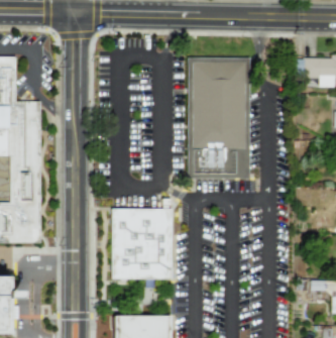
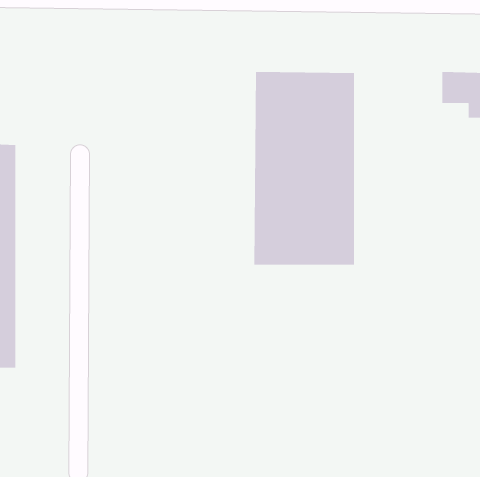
building: [112,209,173,279] -> none

